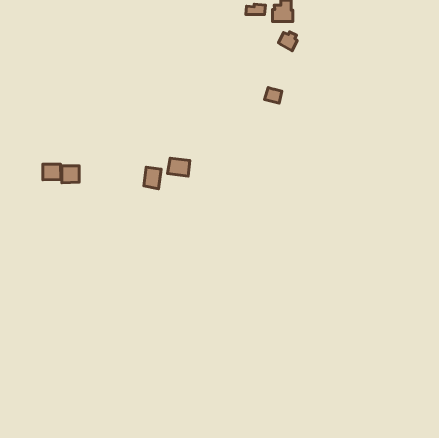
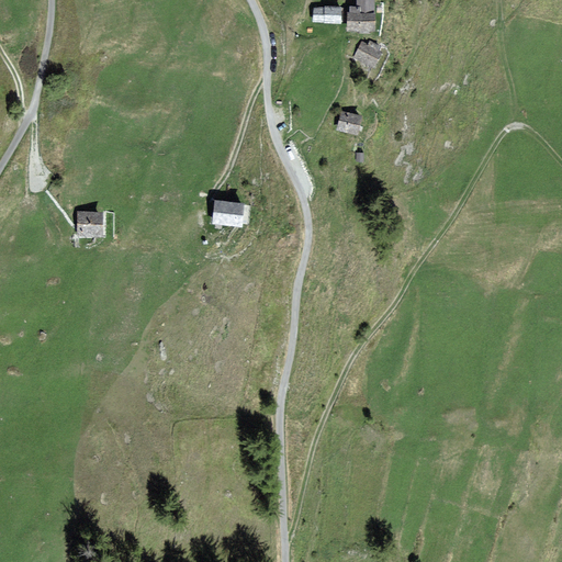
building: [43,164,61,180] -> none
building: [144,167,161,189] -> none

